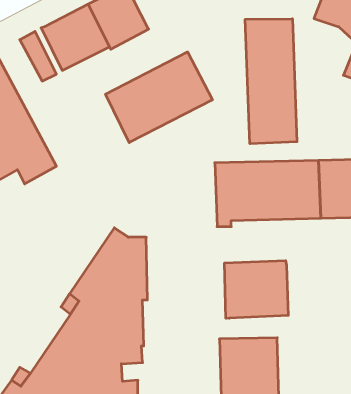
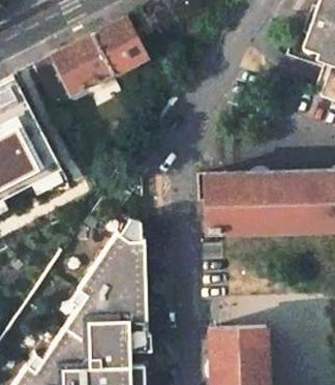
building: [245,19,297,144] -> none
building: [106,52,212,143] -> none
building: [225,261,288,318] -> none

